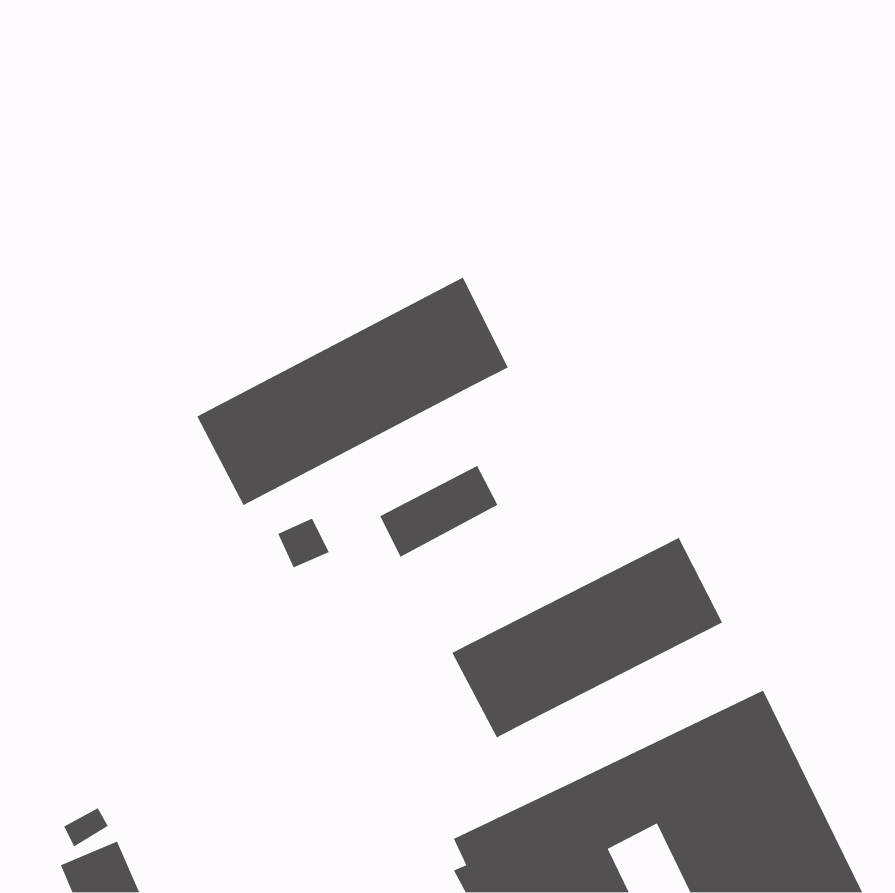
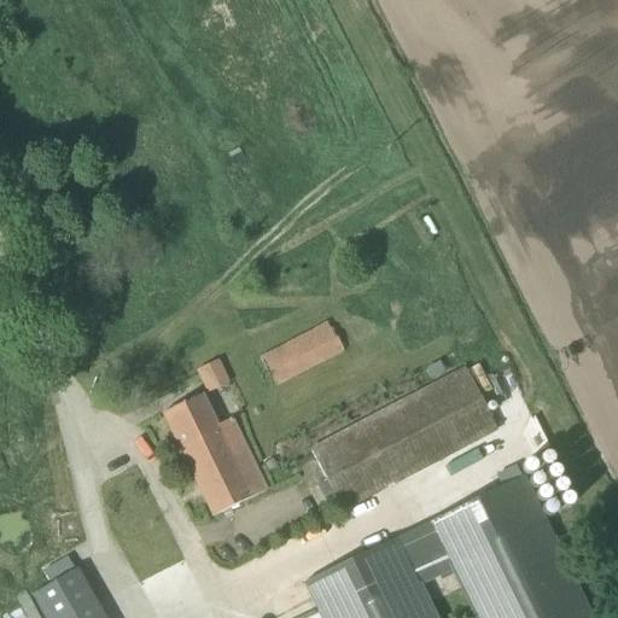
building: [196,276,509,506] -> none
building: none -> [163,393,268,515]

